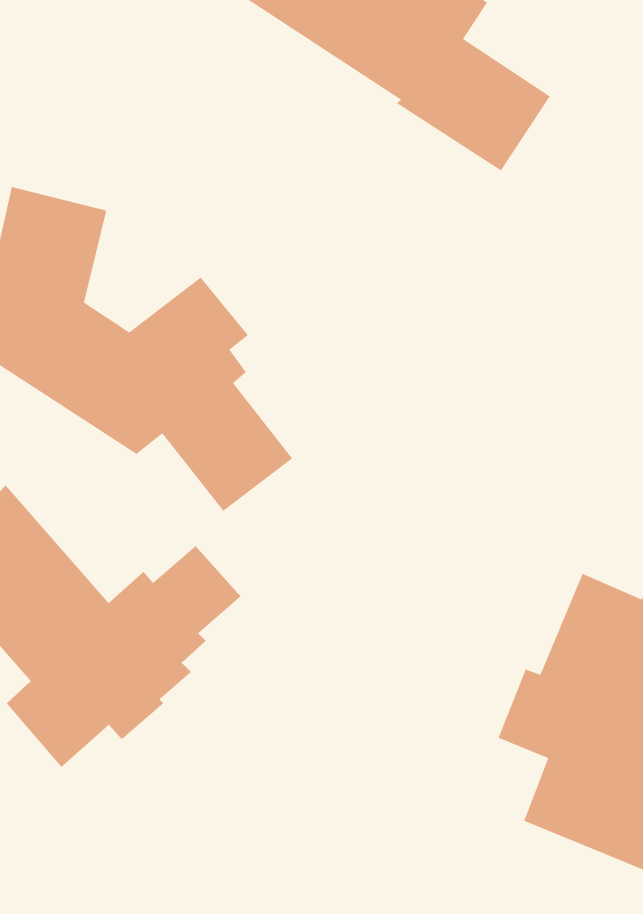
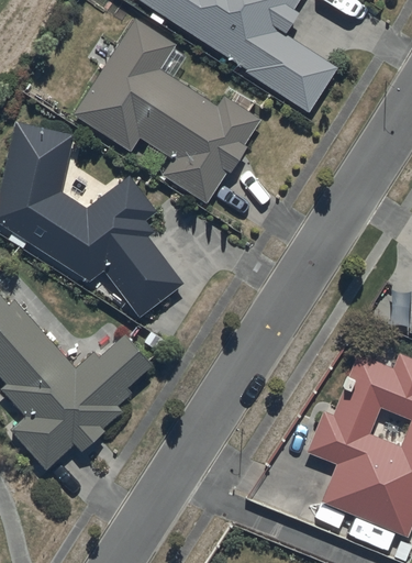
building: none -> [73,18,260,201]

